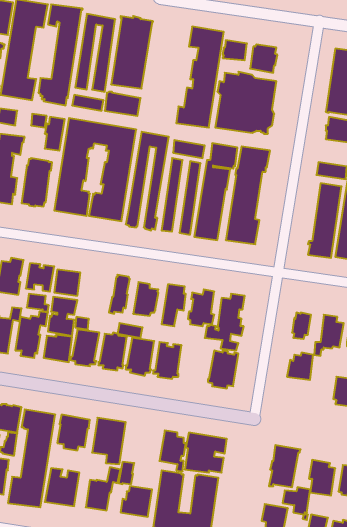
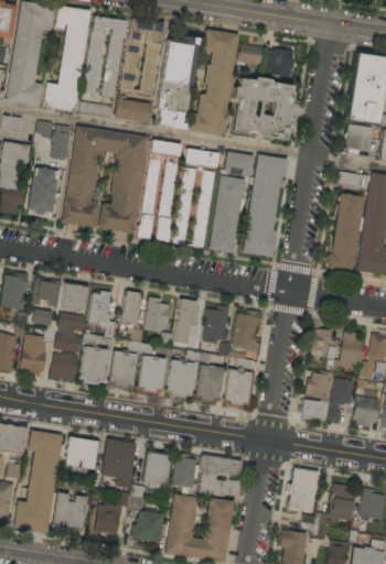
building: none -> [157,35,199,129]
building: none -> [89,290,118,337]
building: none -> [186,349,224,403]
building: none -> [299,378,354,424]
building: none -> [142,451,172,488]

